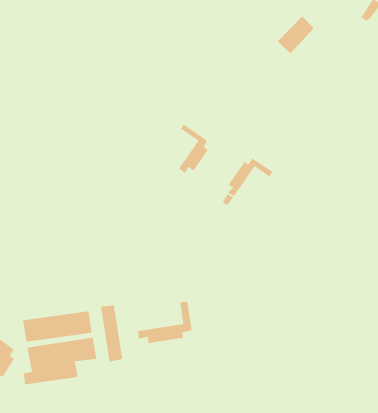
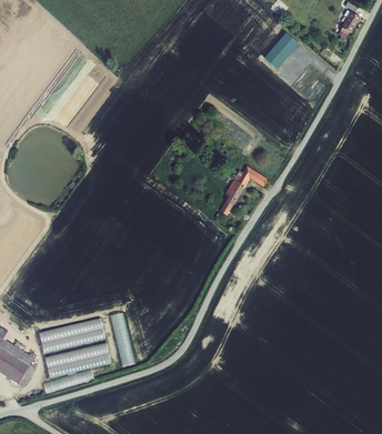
building: [178,124,209,174] -> none
building: [137,301,192,344] -> none

